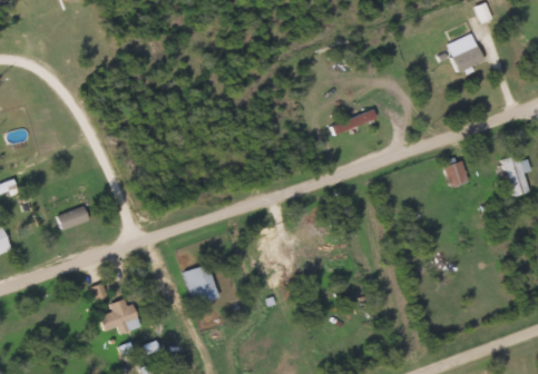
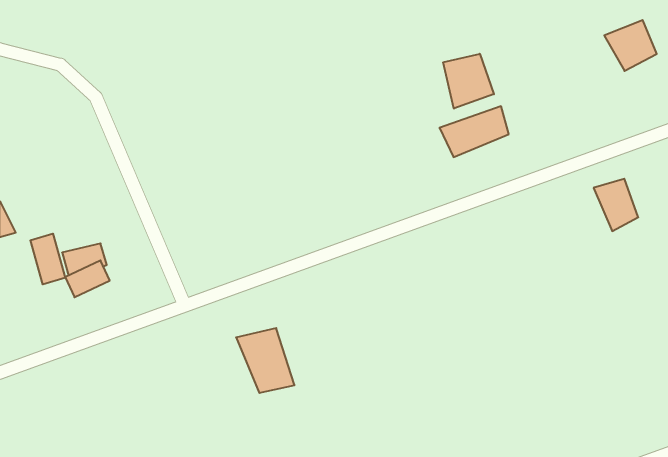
building: none -> [443,54,494,109]
building: none -> [30,234,65,284]
building: [96,294,144,338] -> none

